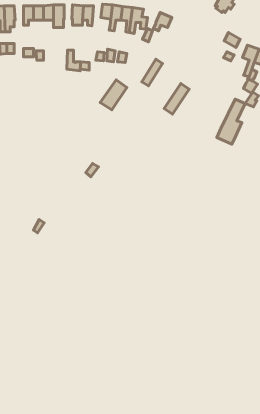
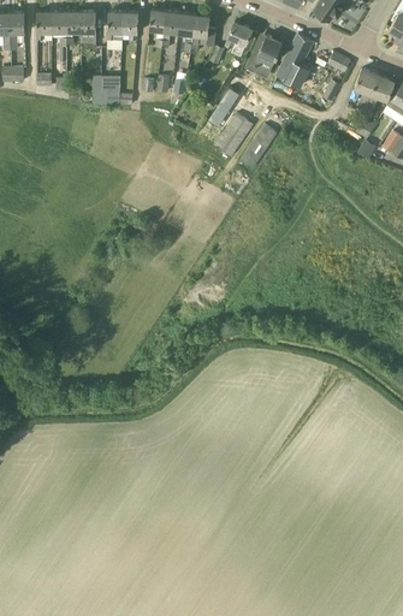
building: none -> [245,34,281,71]
building: [100,80,127,110] -> [214,112,253,155]
building: [217,99,245,144] -> [272,32,313,97]

